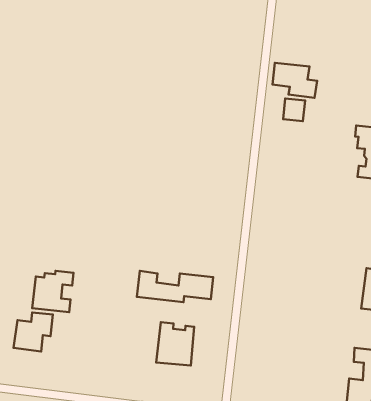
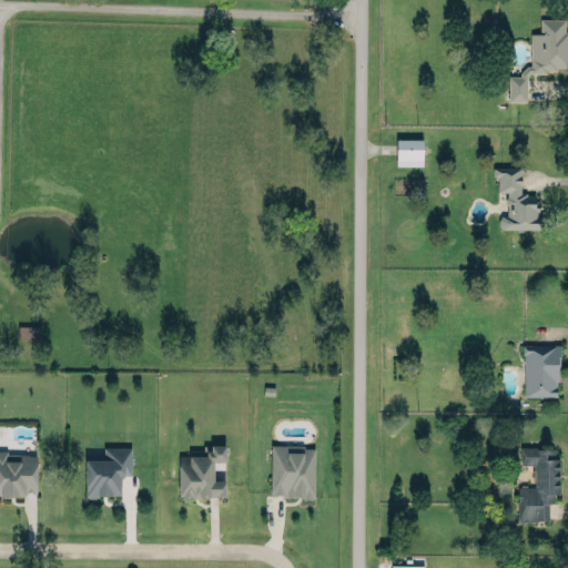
building: [272,63,317,98] -> none
building: [137,271,213,302] -> none
building: [32,271,73,312] -> [180,447,227,498]

